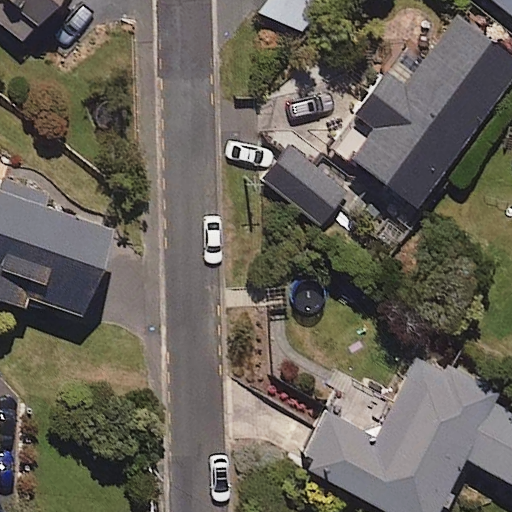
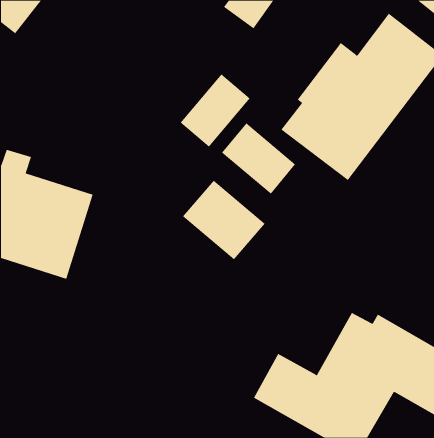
building: none -> [180,73,250,148]
building: none -> [182,180,265,260]

